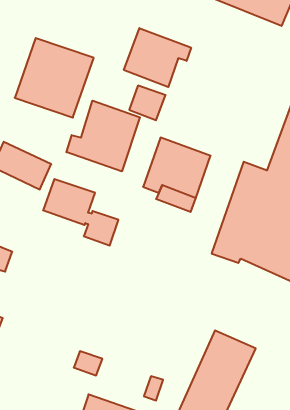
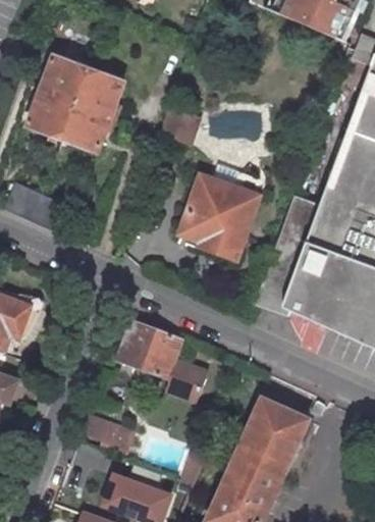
building: [124,28,191,87] -> none
building: [66,101,140,171] -> none
building: [43,179,118,246] -> [115,322,204,401]

